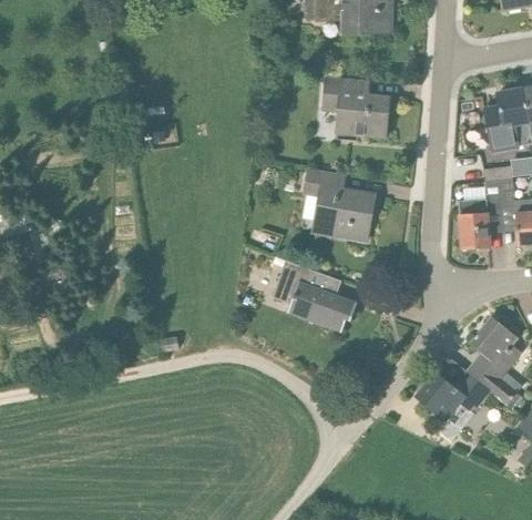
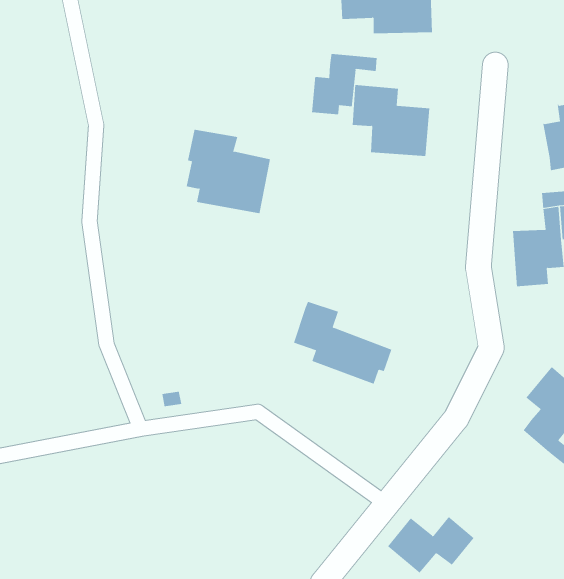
building: none -> [311,53,377,115]
building: [304,169,376,241] -> [186,129,271,214]
building: [417,370,491,419] -> [387,516,474,573]

